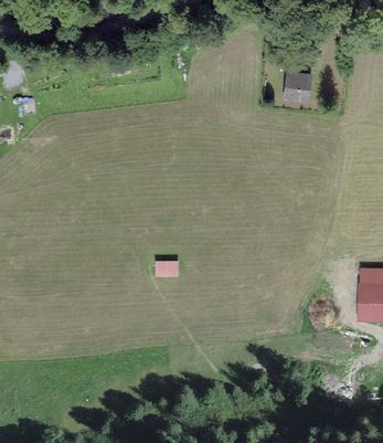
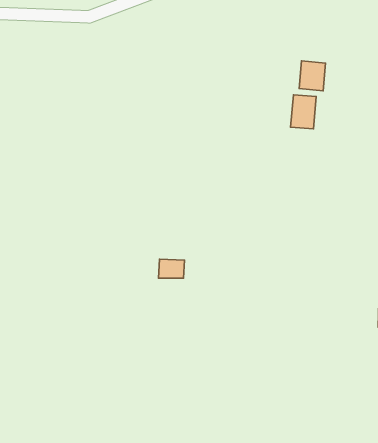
building: none -> [291,95,316,129]

